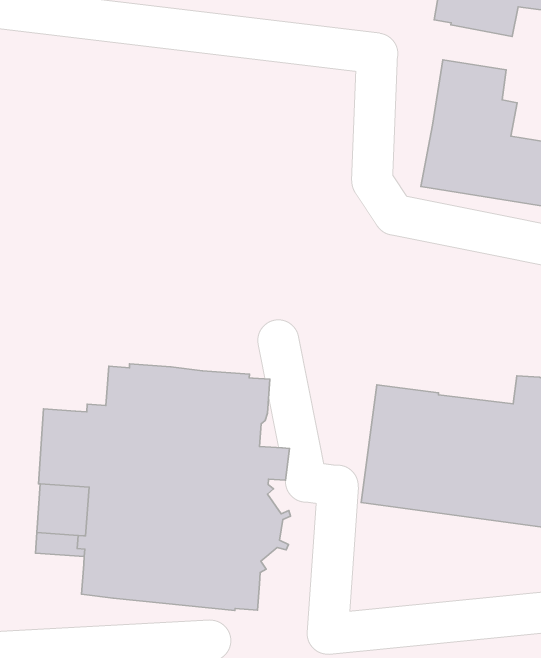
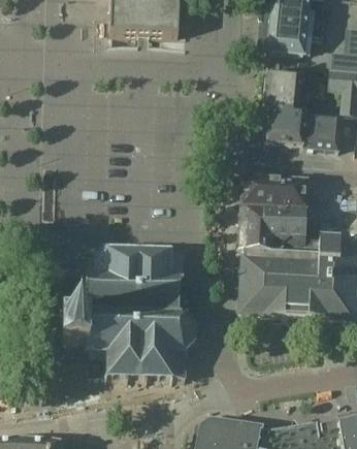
building: none -> [238,177,304,251]

